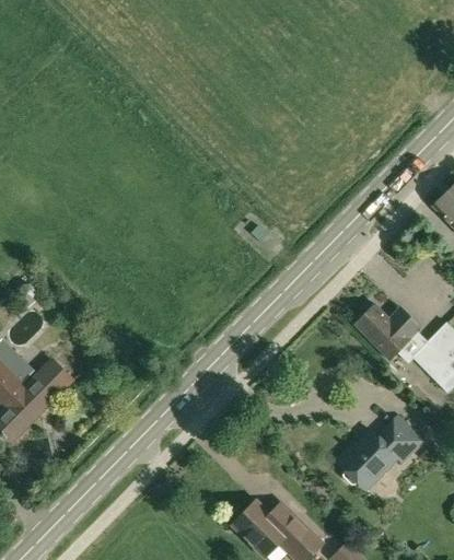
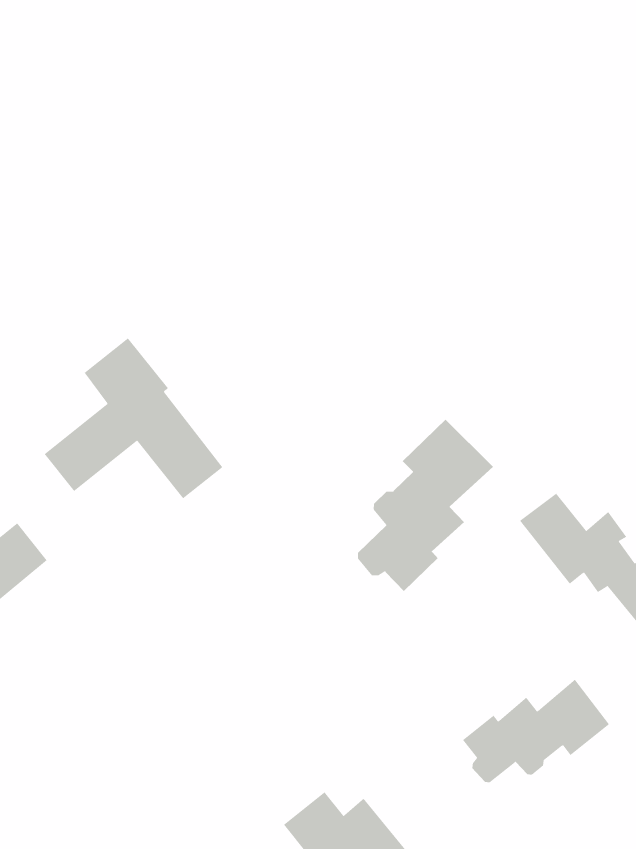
building: none -> [44,337,223,499]
building: none -> [357,419,494,592]

